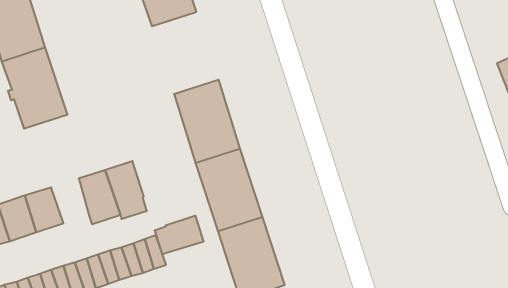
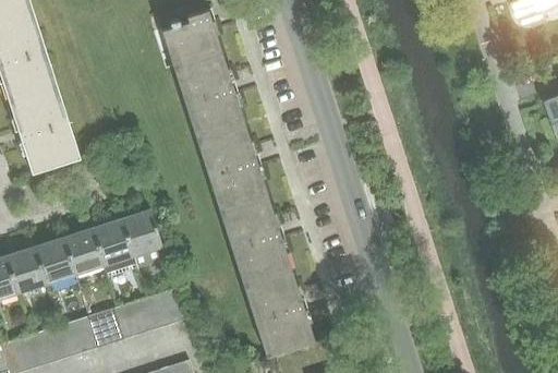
building: none -> [171,47,243,135]
building: none -> [63,226,104,274]
building: [155,216,203,254] -> none

